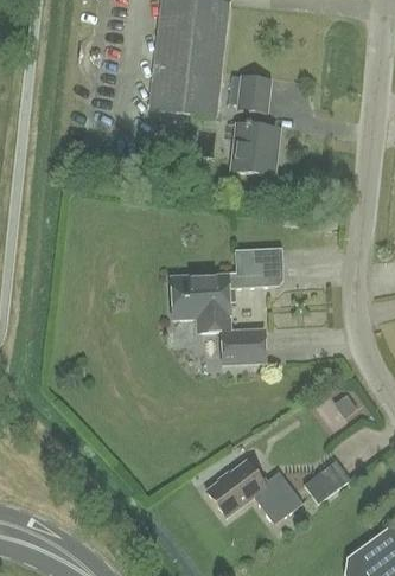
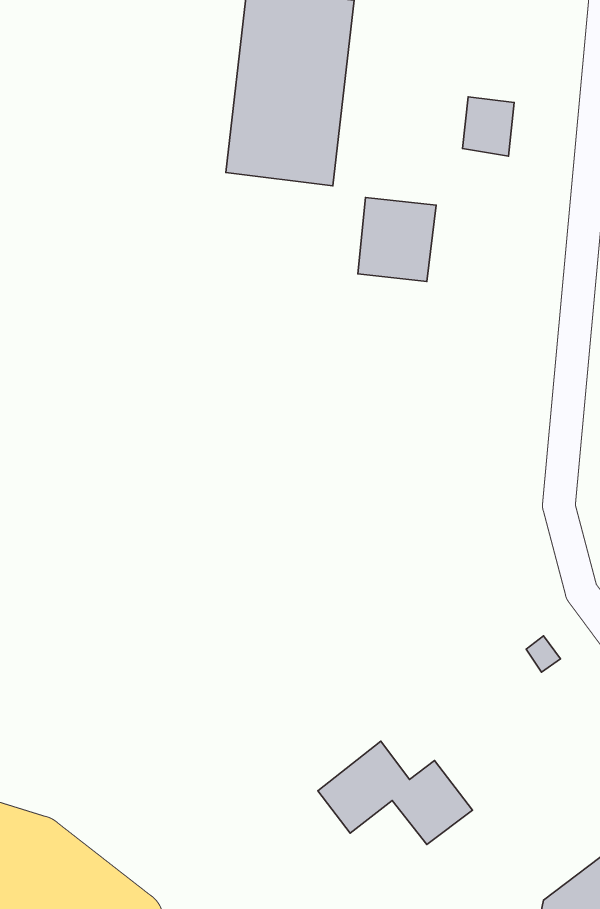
building: [238,76,270,113] -> [462,97,514,156]
building: [171,248,283,364] -> none
building: [304,460,350,503] -> none

